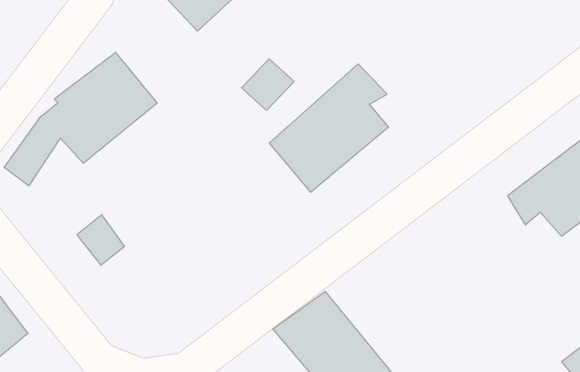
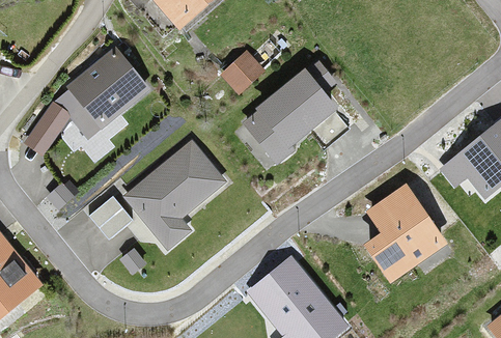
building: none -> [114,128,221,243]
building: none -> [363,190,448,288]

